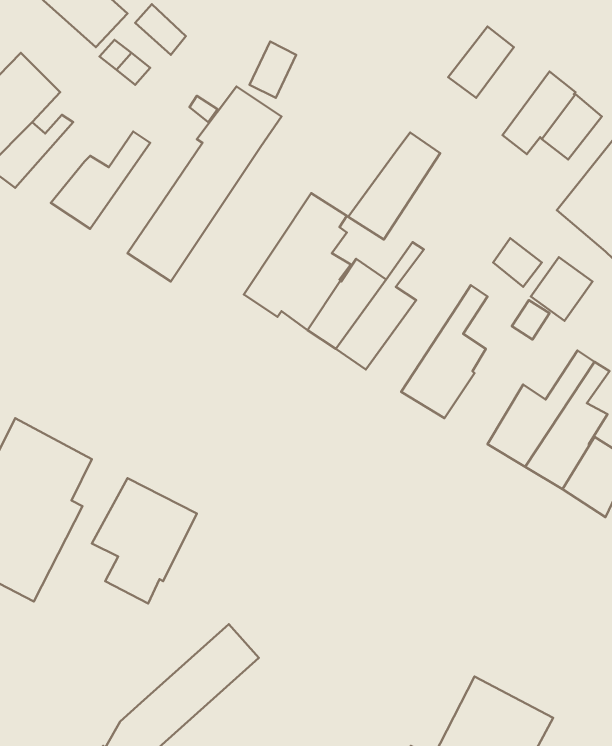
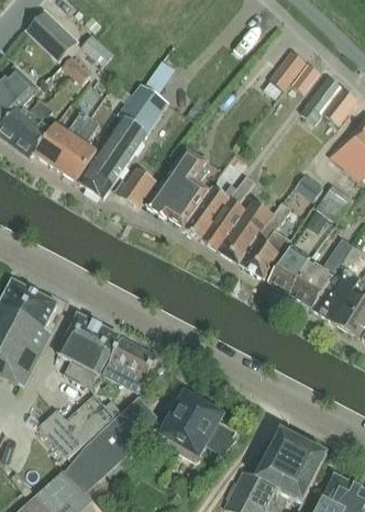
building: none -> [12,104,53,156]
building: [348,133,440,239] -> [218,200,272,263]
building: none -> [56,116,100,181]
building: none -> [119,166,156,205]
building: none -> [267,244,311,293]
building: none -> [102,335,158,391]
building: none -> [38,393,114,456]
building: none -> [163,393,241,460]

